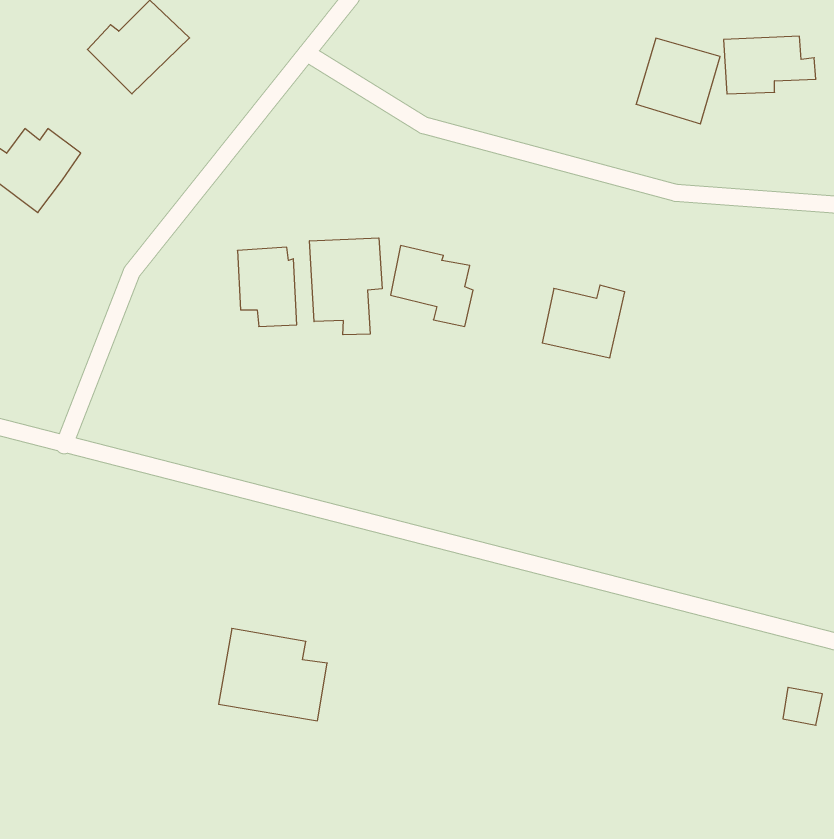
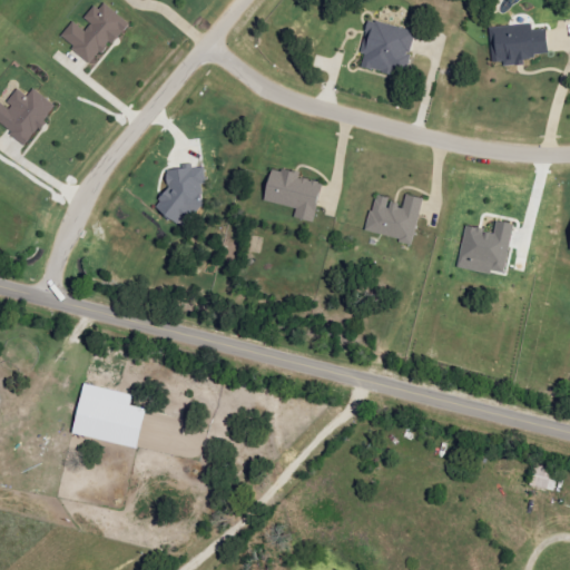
building: [636,38,720,124] -> [357,18,414,76]
building: [310,238,382,335] -> none
building: none -> [456,219,511,274]
building: [219,628,327,721] -> [76,384,149,446]

